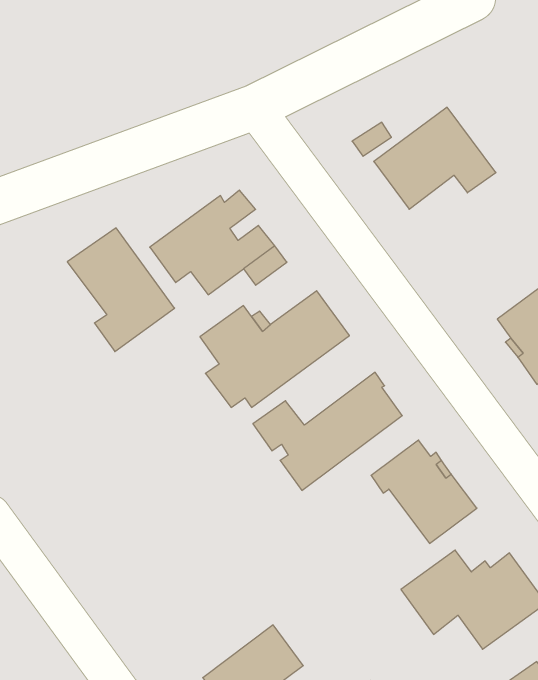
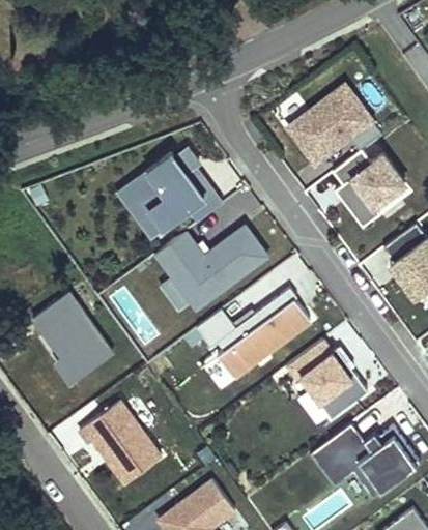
building: none -> [333,150,405,228]
building: [67,228,175,352] -> [33,295,115,389]
building: none -> [79,400,161,483]

